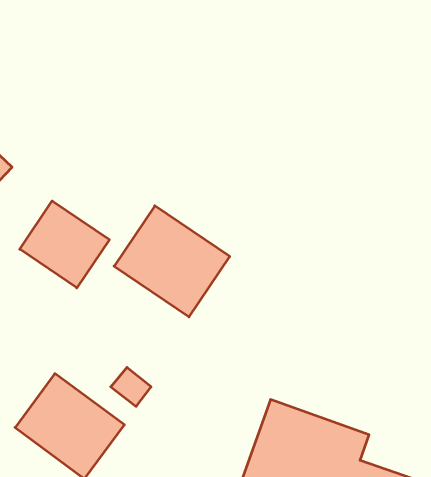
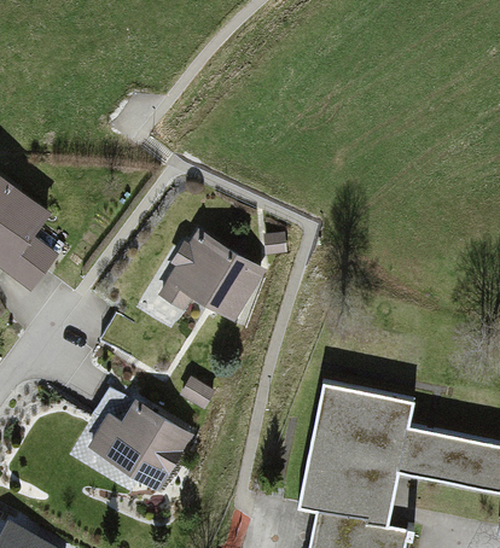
building: [20,201,109,288] -> none

